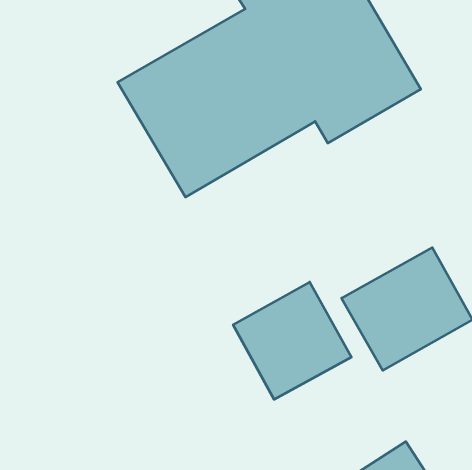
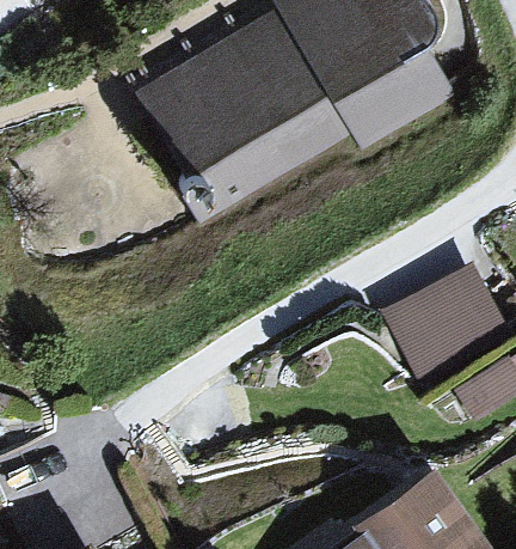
building: [233,282,351,399] -> none

